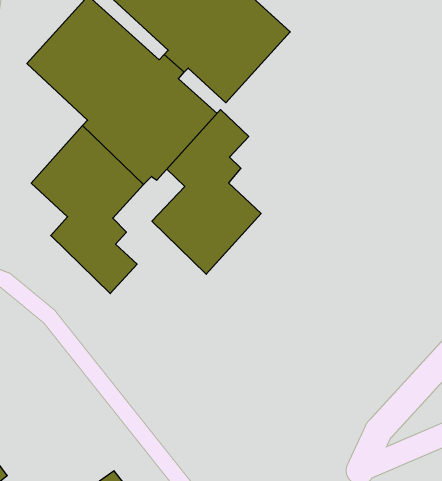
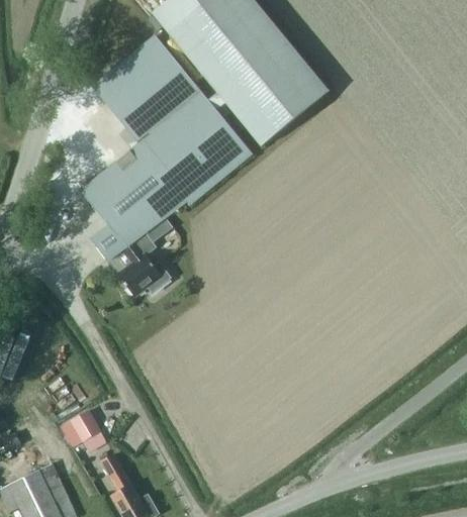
building: [152,110,261,274] -> none
building: none -> [62,410,101,446]

